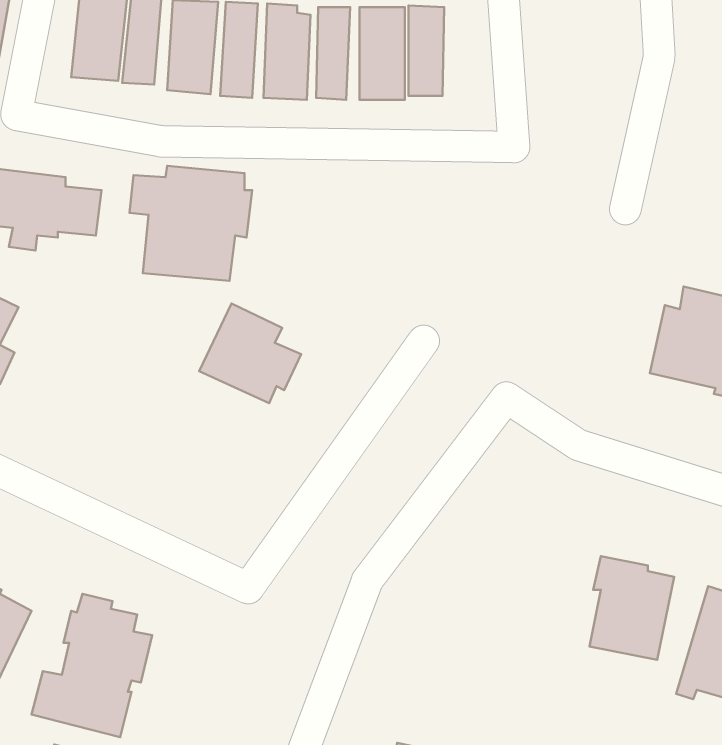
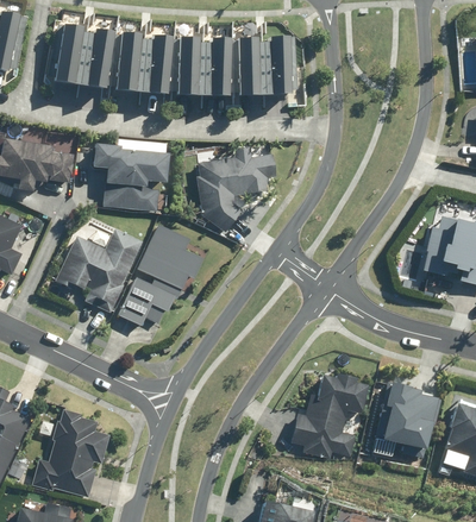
building: none -> [196,147,277,216]
building: none -> [56,228,145,314]
building: none -> [118,278,178,327]
building: none -> [290,371,369,459]

